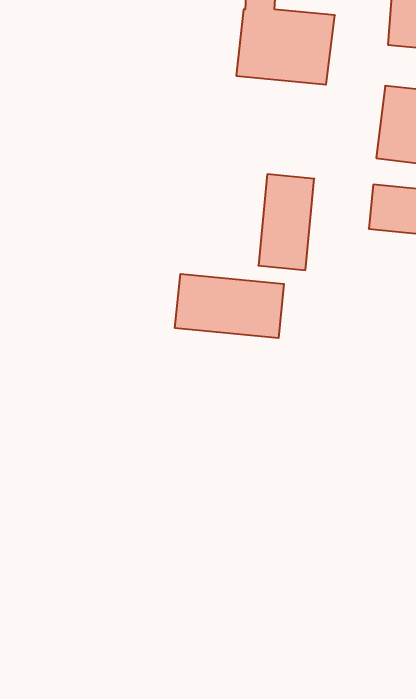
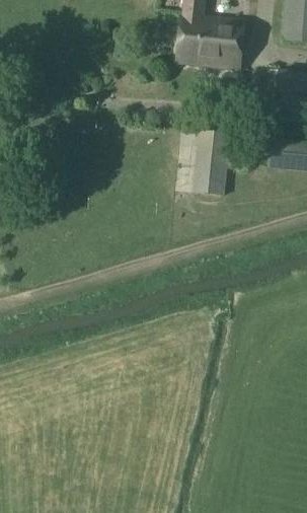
building: [175,274,284,338] -> none

